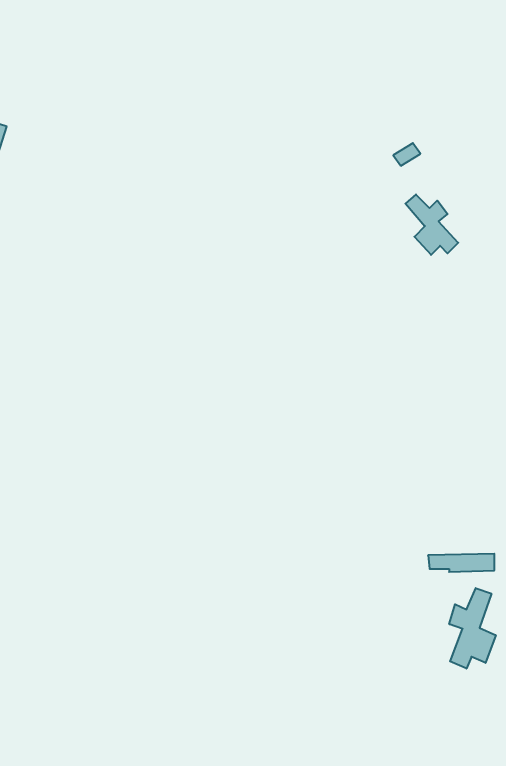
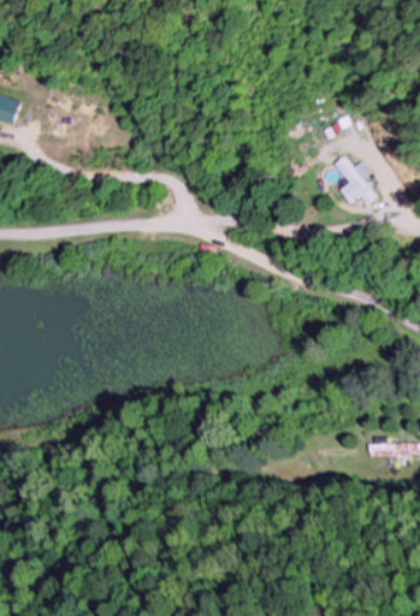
building: [449,588,496,669] -> none

